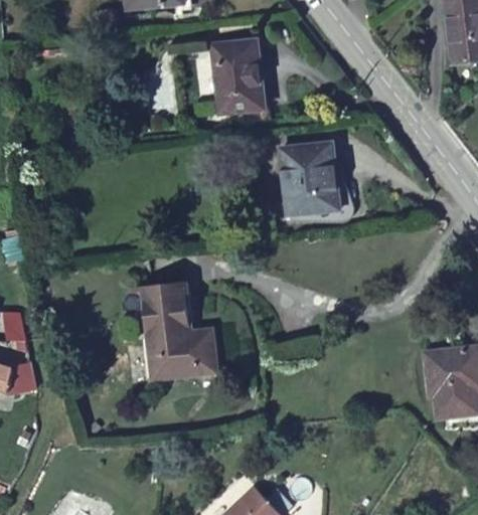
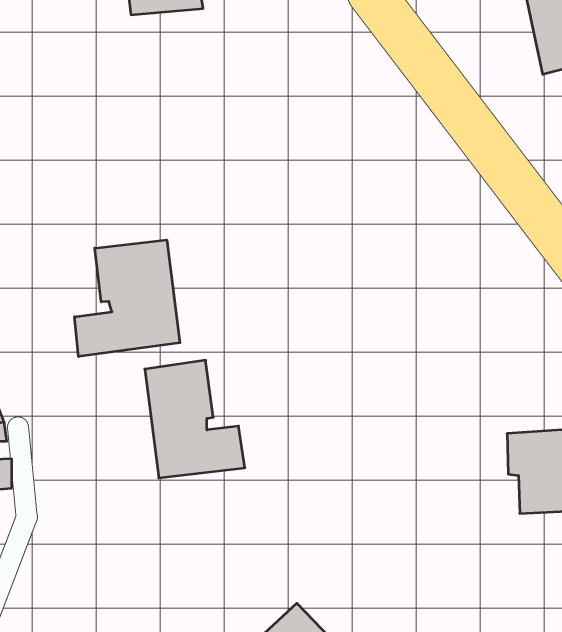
building: [206,40,259,112] -> none
building: [280,143,336,215] -> none
building: none -> [75,240,180,357]

